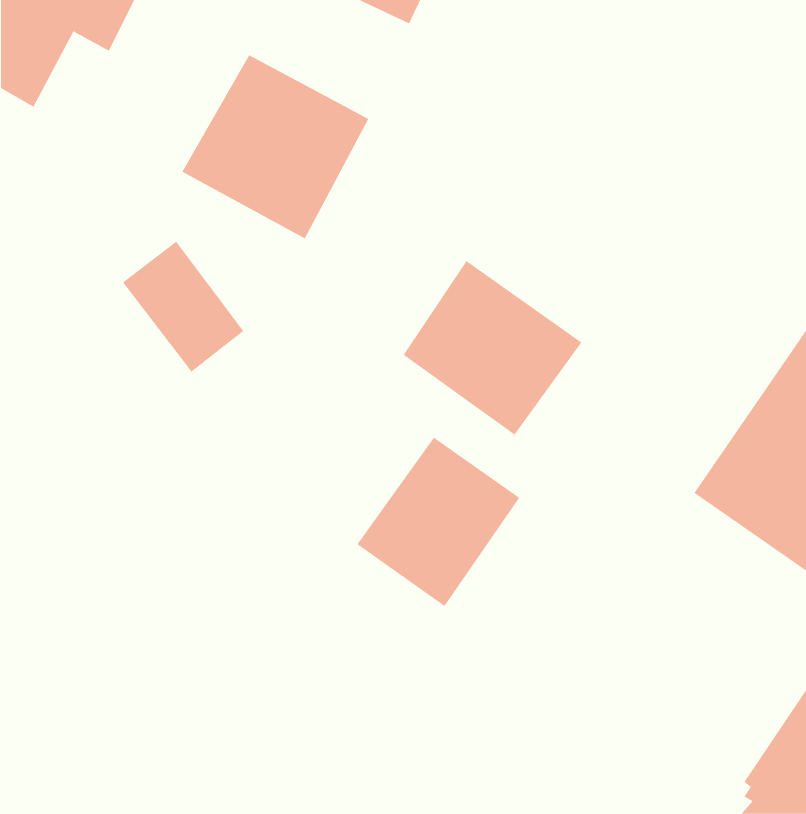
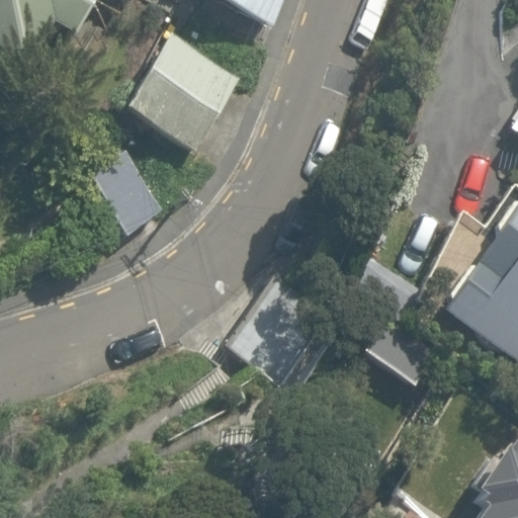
building: [403,260,582,436] -> none

